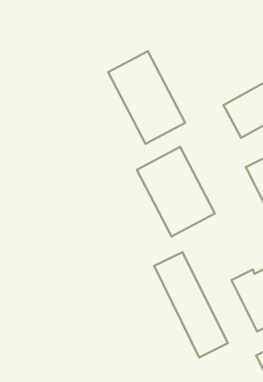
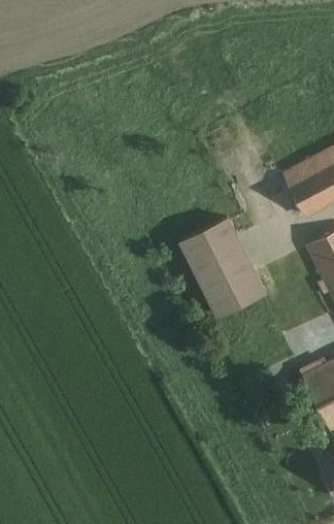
building: [108,51,185,144] -> none
building: [154,252,228,357] -> none

